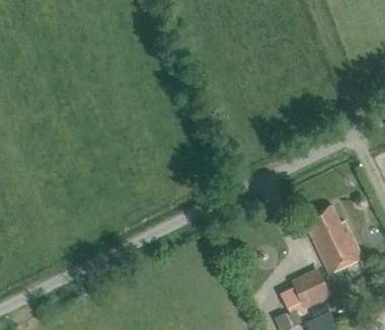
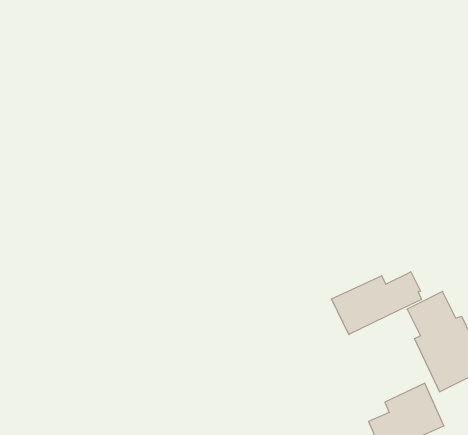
building: none -> [331,272,421,335]

